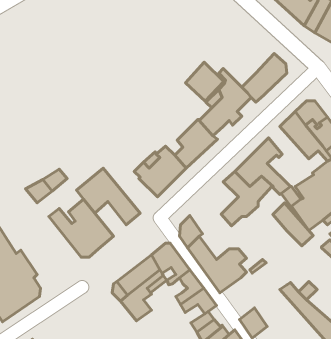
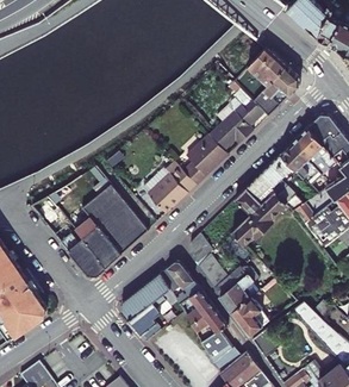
building: [186,62,224,101] -> [247,46,286,87]
building: none -> [101,219,133,255]
building: [273,203,313,246] -> [280,142,322,186]
building: none -> [230,298,268,337]

